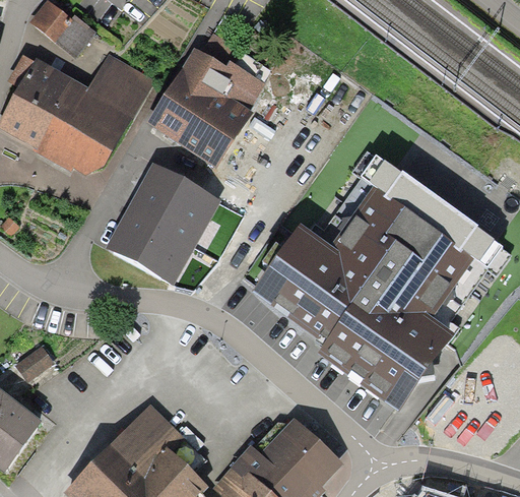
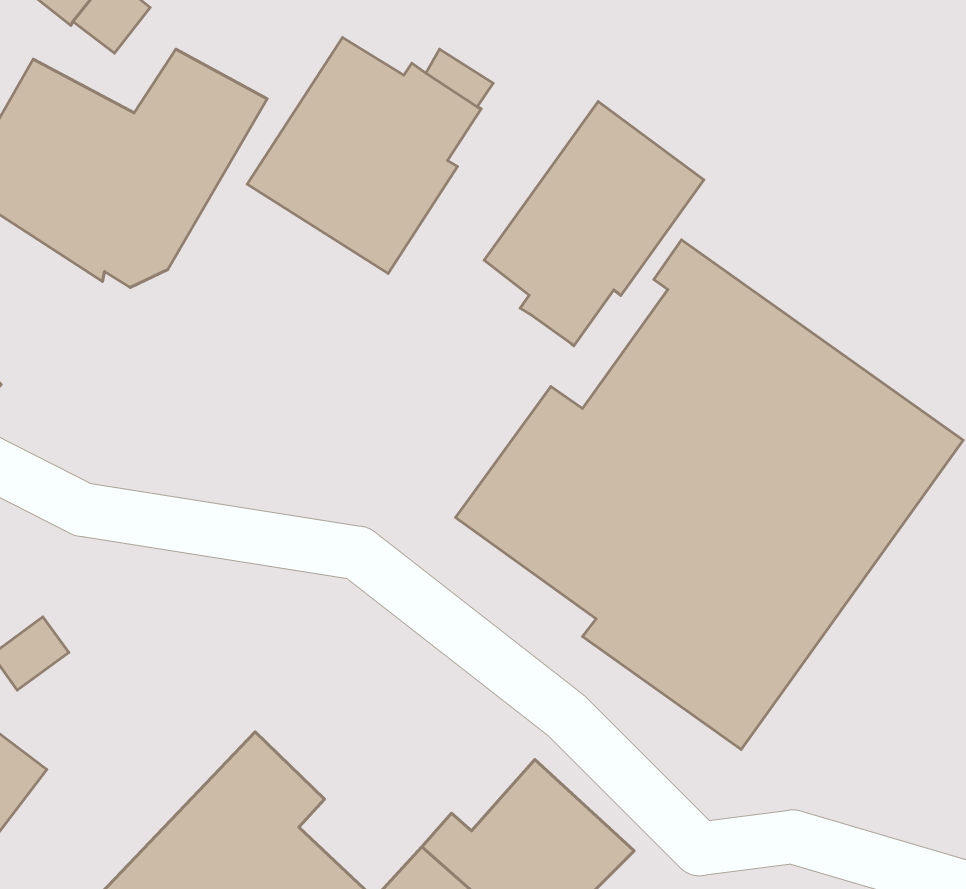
building: none -> [484,101,704,346]
building: [105,161,222,286] -> none

